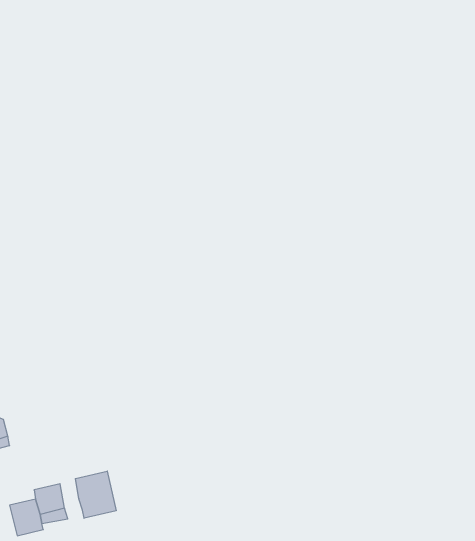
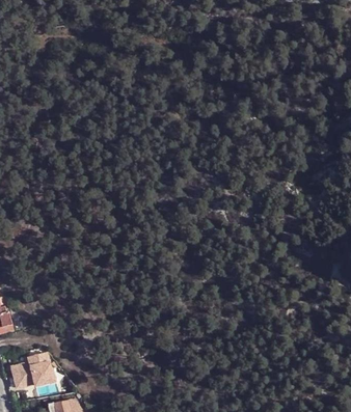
building: [75,471,116,518] -> none

